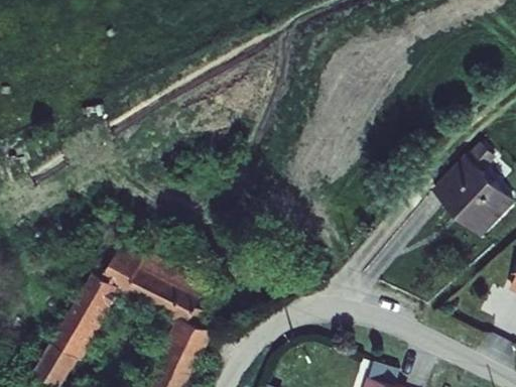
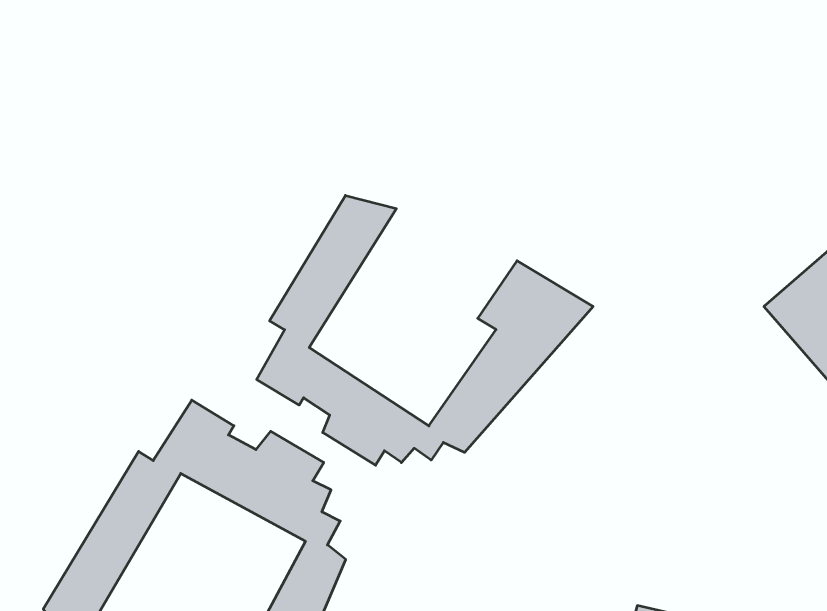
building: none -> [257,195,593,465]

